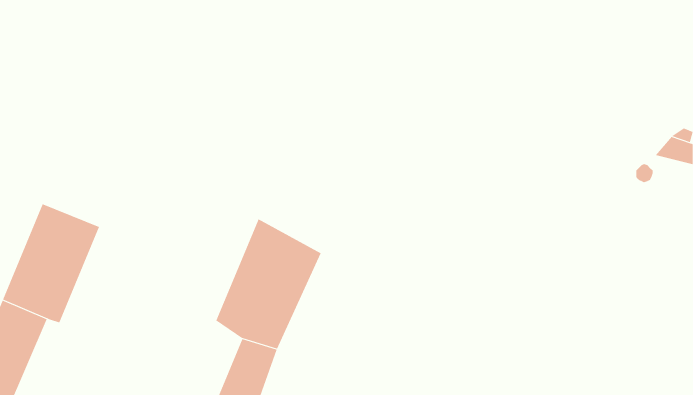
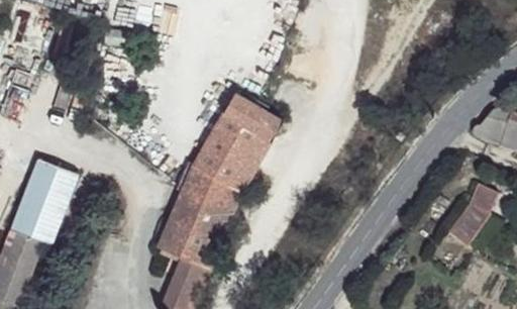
building: none -> [194,99,283,193]
building: none -> [447,180,496,243]

